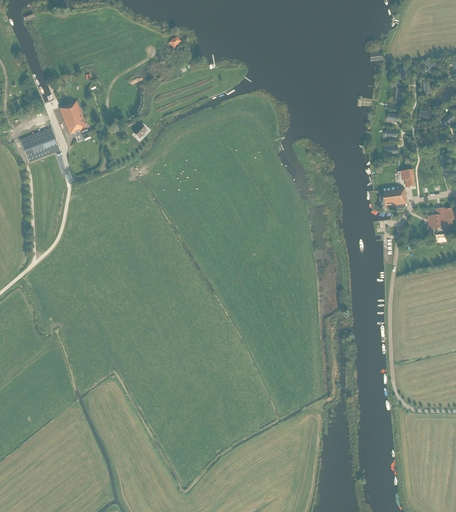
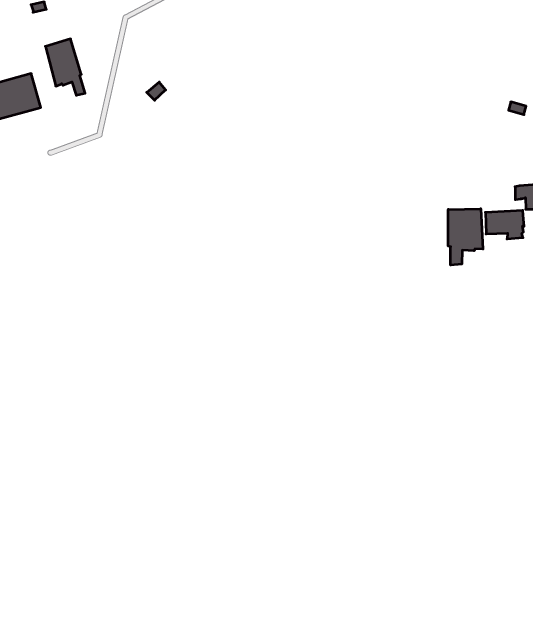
building: none -> [448,209,483,265]

